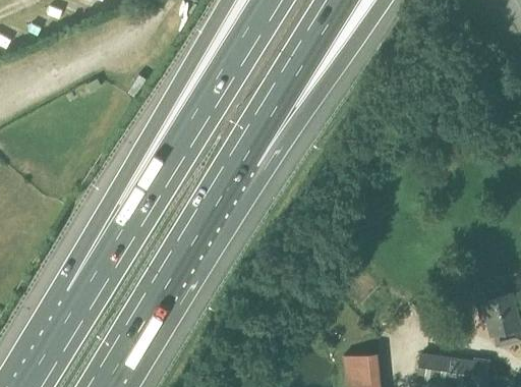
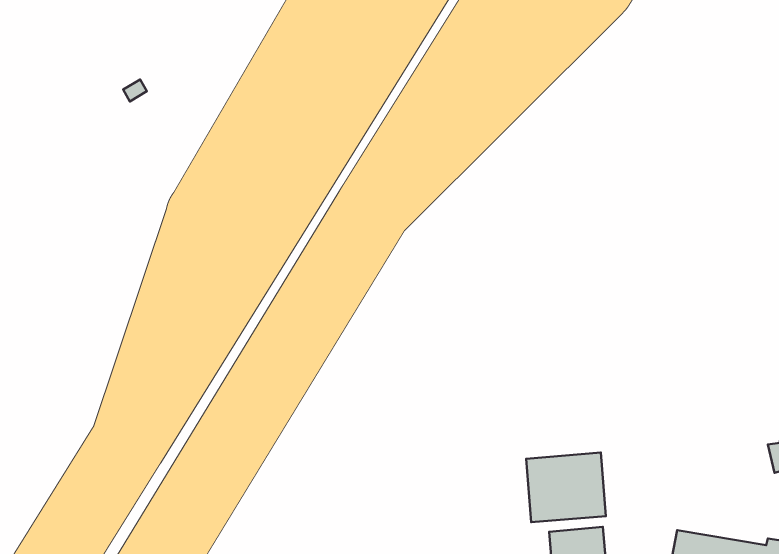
building: none -> [526,452,606,522]

